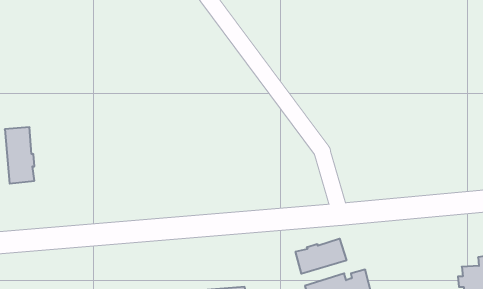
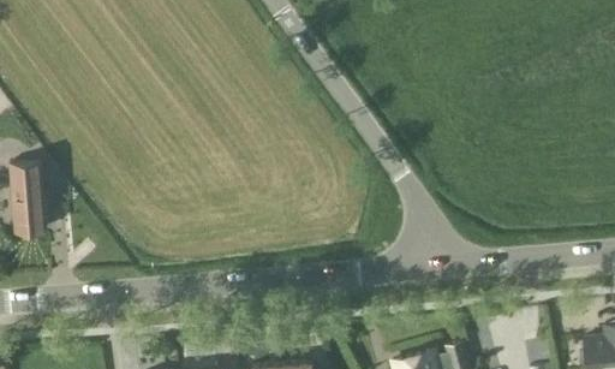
building: [296,239,346,274] -> none

